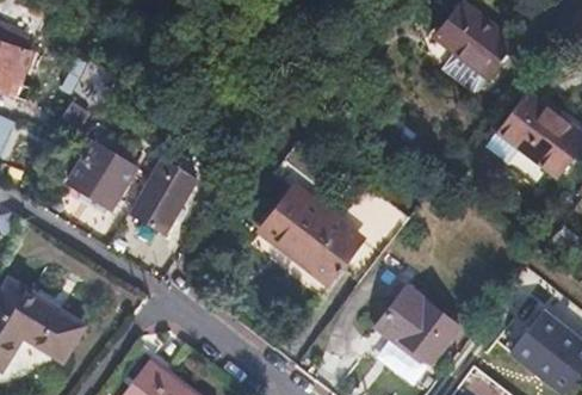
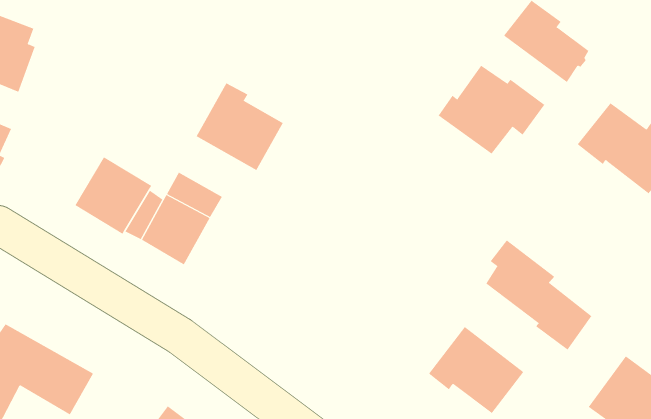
building: none -> [438,65,545,154]
building: none -> [196,82,283,171]
building: [259,187,359,284] -> none
building: none -> [486,240,592,351]

